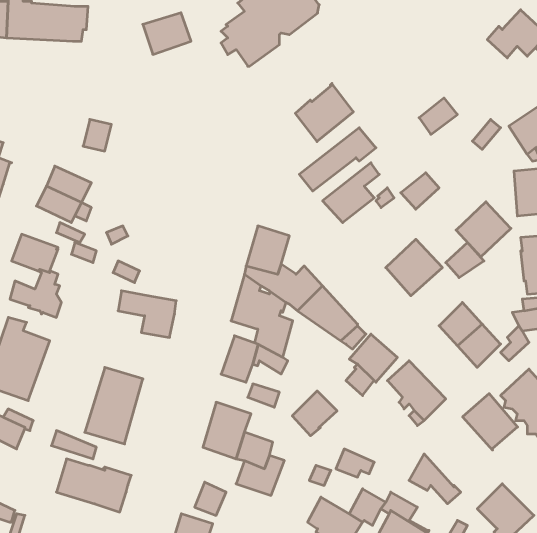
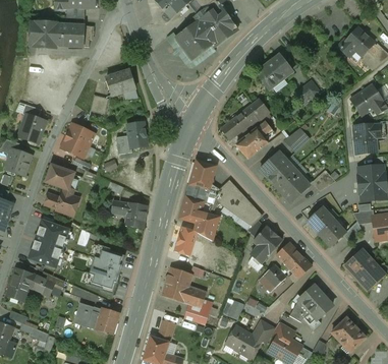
building: [143,13,191,54] -> [106,70,135,96]
building: [295,83,353,142] -> [257,54,292,89]
building: none -> [116,122,148,154]
building: [456,202,511,257] -> [260,151,293,185]
building: [292,391,337,436] -> [259,264,286,292]
building: [463,394,518,450] -> [298,285,332,319]

